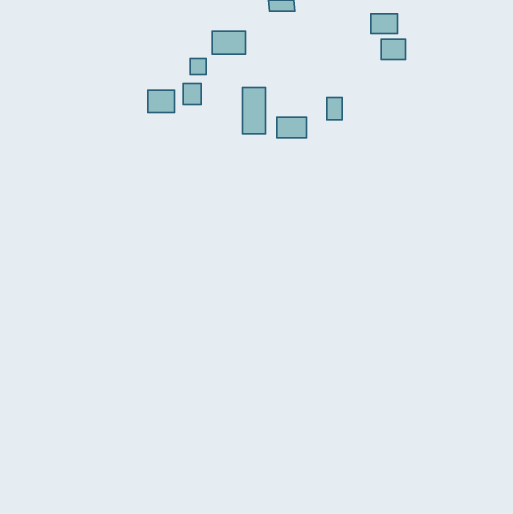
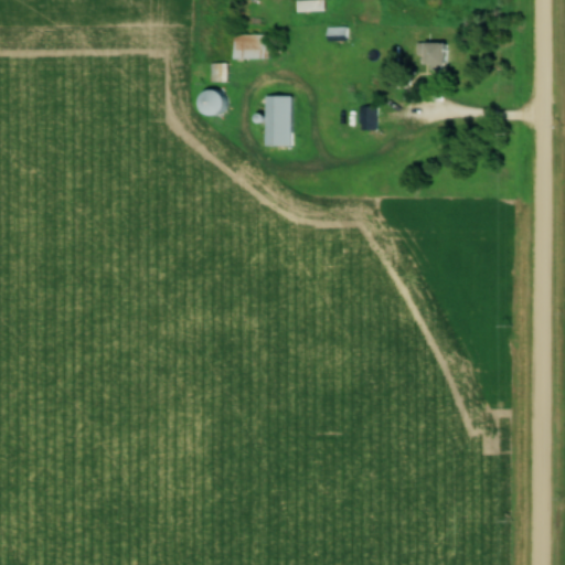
building: [371,14,397,34] -> none
building: [148,90,175,112] -> none
building: [277,117,307,138] -> none

